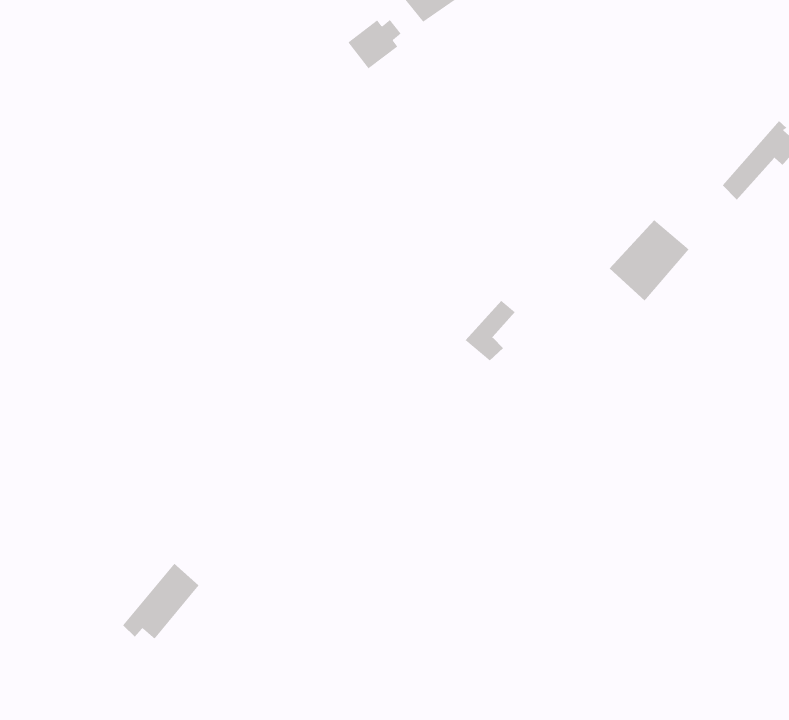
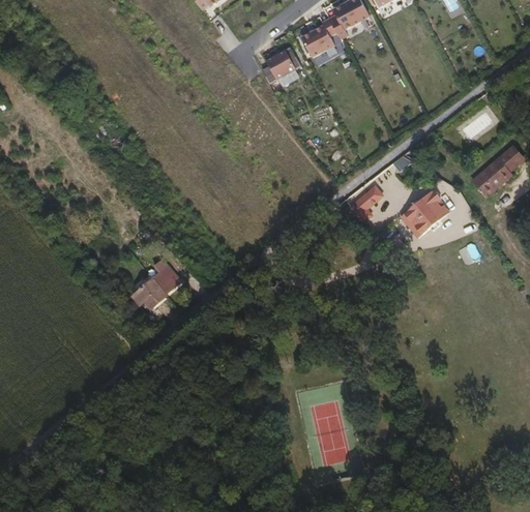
building: [465,300,516,361] -> [349,185,381,219]
building: [122,563,199,639] -> [136,264,184,306]

